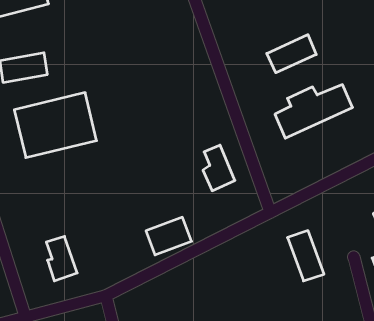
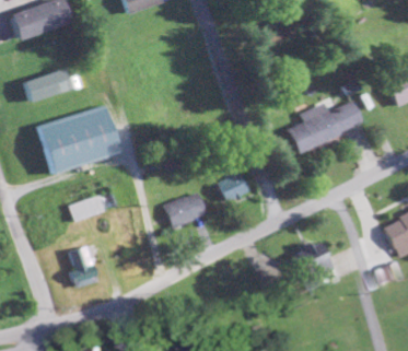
building: [267,35,316,73] -> none
building: none -> [68,196,104,223]
building: [146,217,192,255] -> [164,192,208,229]

